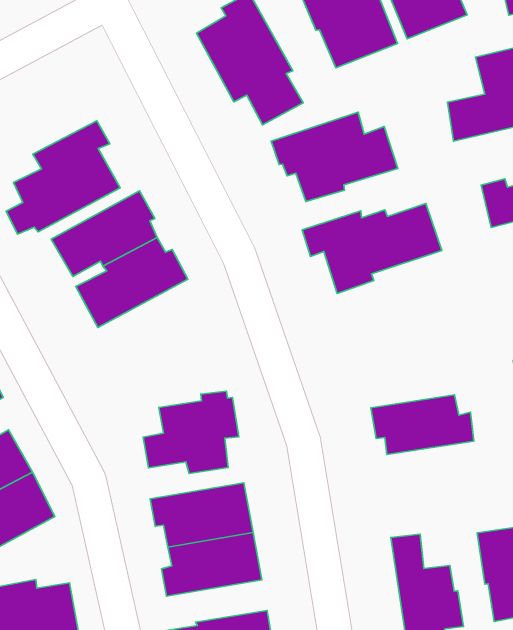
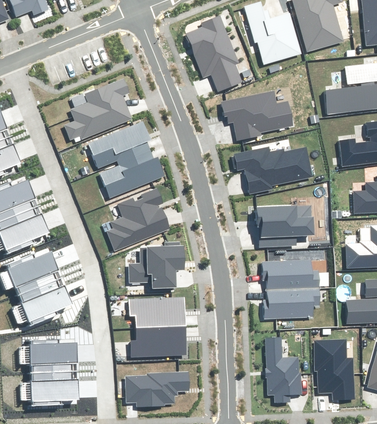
building: none -> [257,206,314,247]
building: none -> [107,189,170,250]
building: none -> [264,288,320,319]

